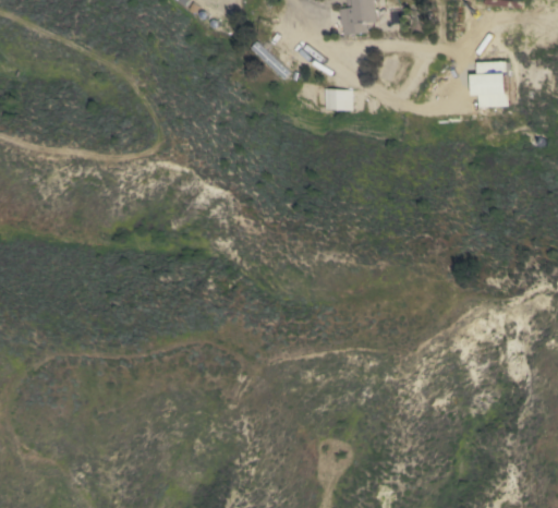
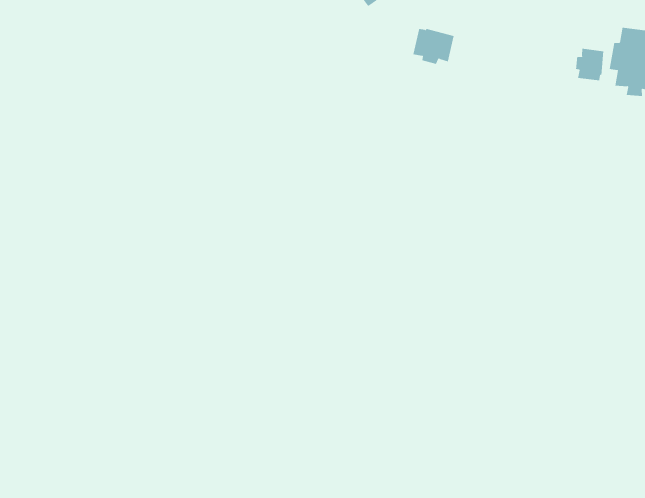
building: none -> [576,48,604,81]

